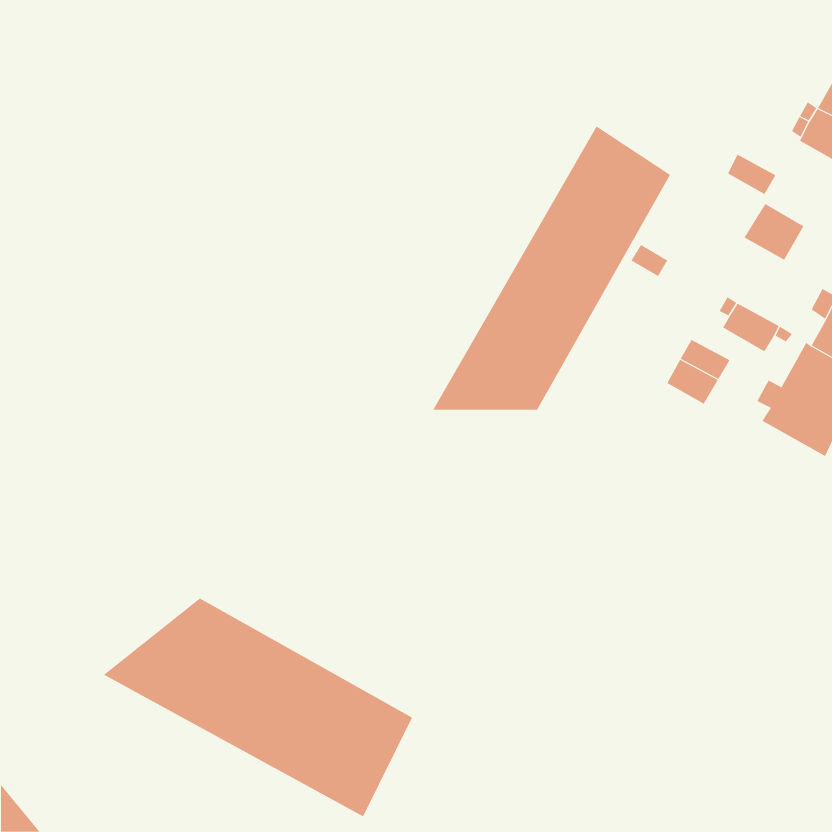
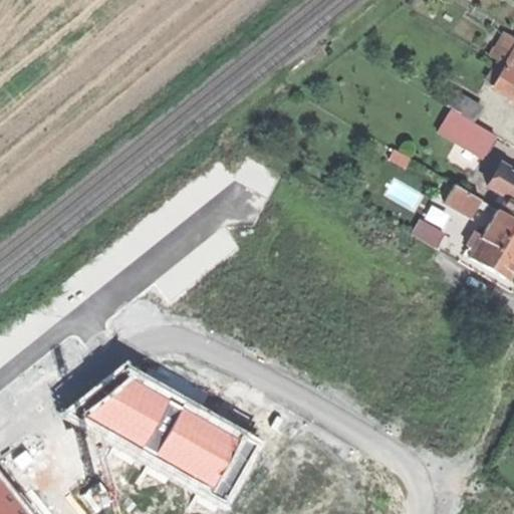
building: [432,125,671,410] -> none

